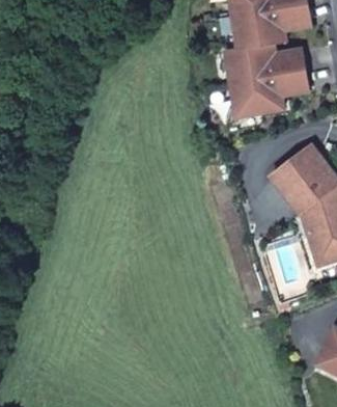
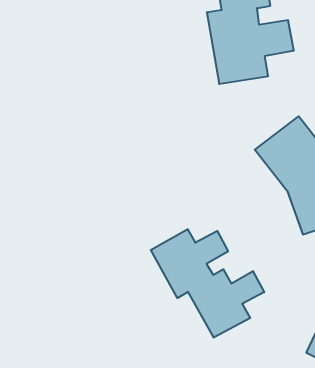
building: none -> [151,229,264,338]

